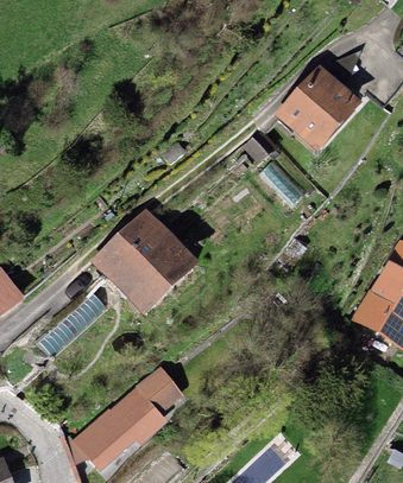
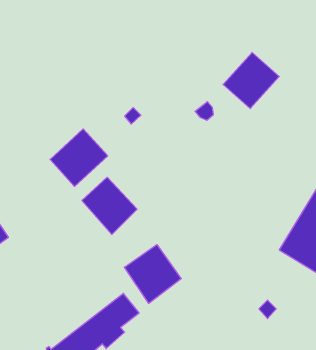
building: none -> [50,129,108,186]
building: none -> [124,245,181,303]

